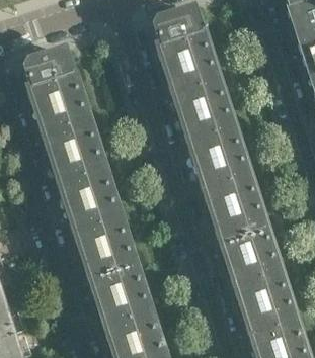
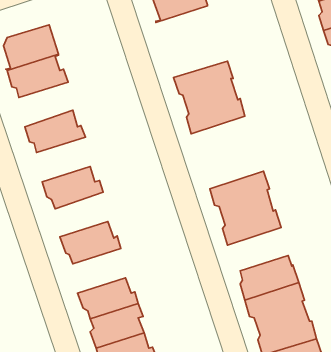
building: [158,31,220,94] -> none
building: [40,98,86,137] -> none
building: [188,127,251,190] -> none
building: [55,146,101,184] -> none
building: [71,193,116,232] -> none
building: [220,223,272,261] -> none
building: [86,242,132,280] -> none

